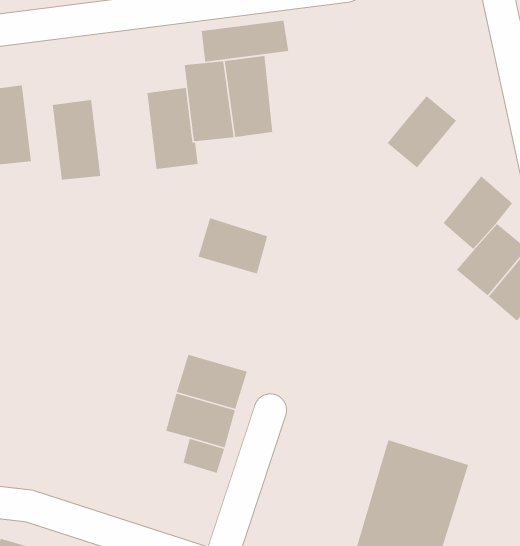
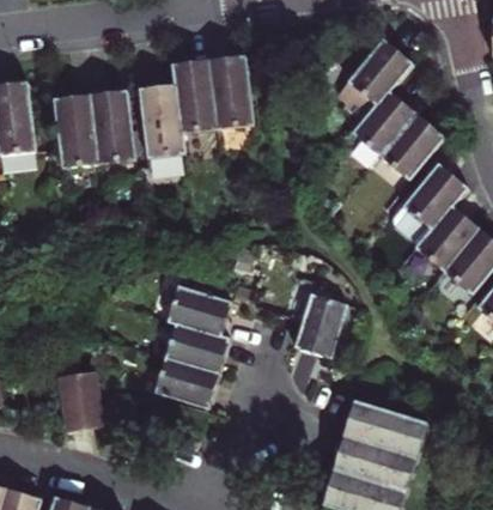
building: [201,20,289,62] -> none
building: none -> [348,38,414,107]
building: none -> [90,90,135,164]
building: none -> [382,114,445,178]
building: [197,217,268,275] -> [168,285,231,336]
building: none -> [297,293,347,357]
building: none -> [60,371,104,432]

